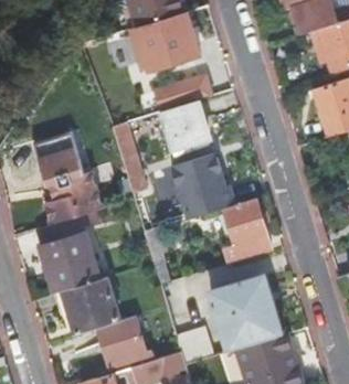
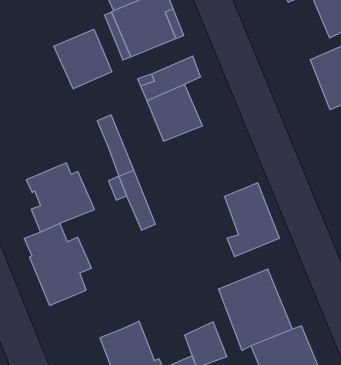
building: none -> [54,29,112,89]
building: [32,131,81,175] -> none
building: [170,158,237,213] -> none
building: [53,277,119,333] -> none

